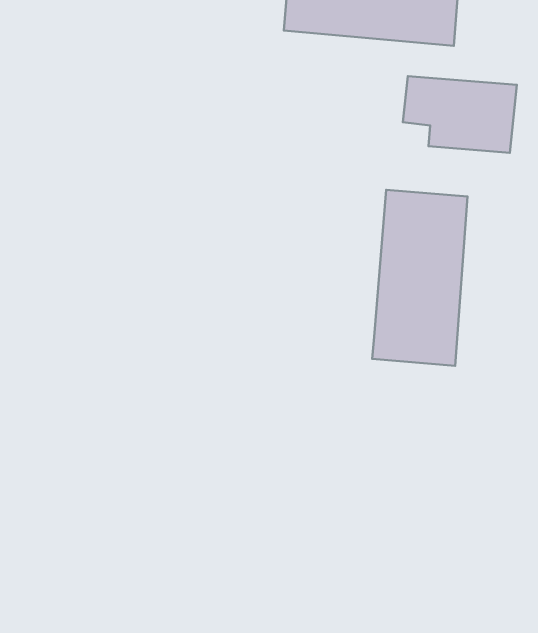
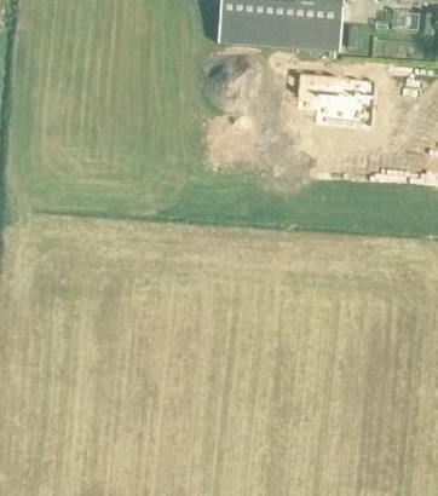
building: [372,190,468,366] -> none

